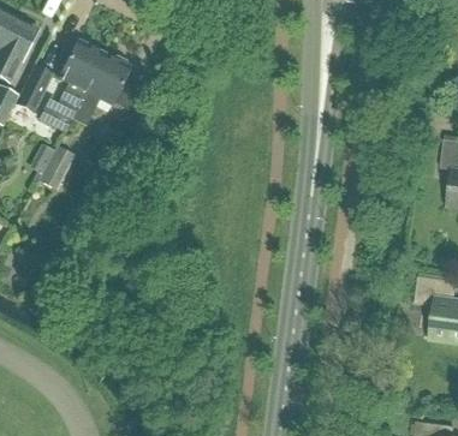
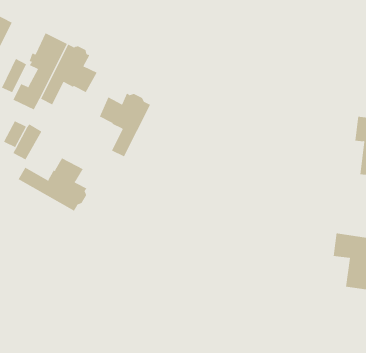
building: none -> [99,93,151,157]
building: none -> [18,158,87,212]

